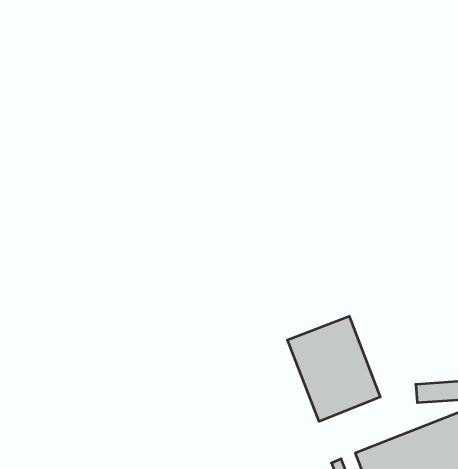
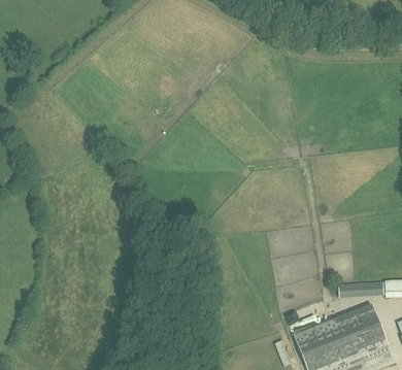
building: [287,316,380,421] -> none

